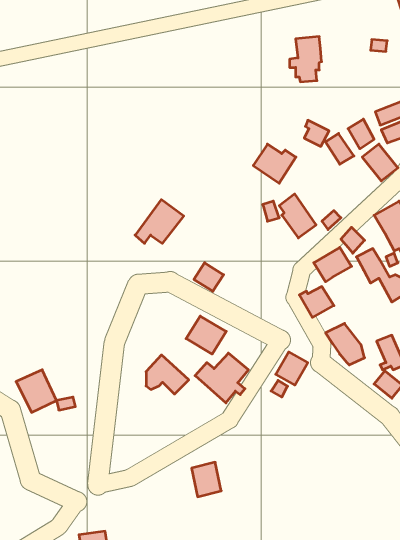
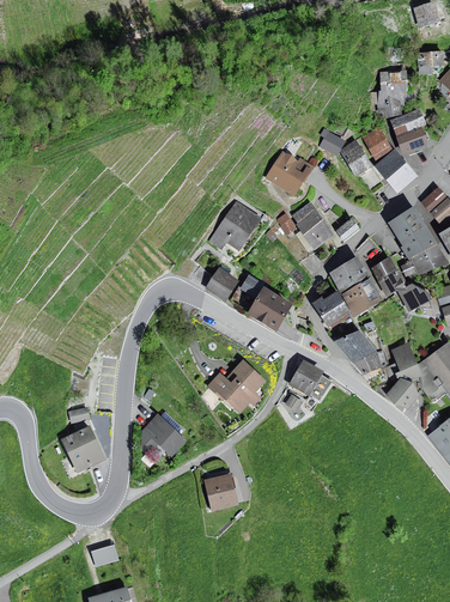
building: [290,37,322,82] -> [373,69,406,115]
building: [135,200,184,243] -> [211,203,260,248]
building: none -> [341,275,379,312]
building: [186,316,226,354] -> [249,288,290,327]
building: [146,355,189,394] -> [141,414,184,454]
building: [16,370,56,412] -> [62,426,103,469]

